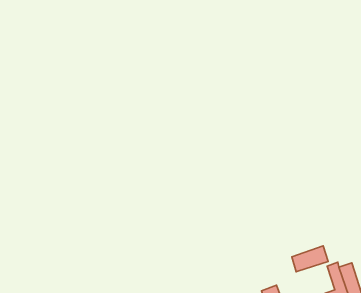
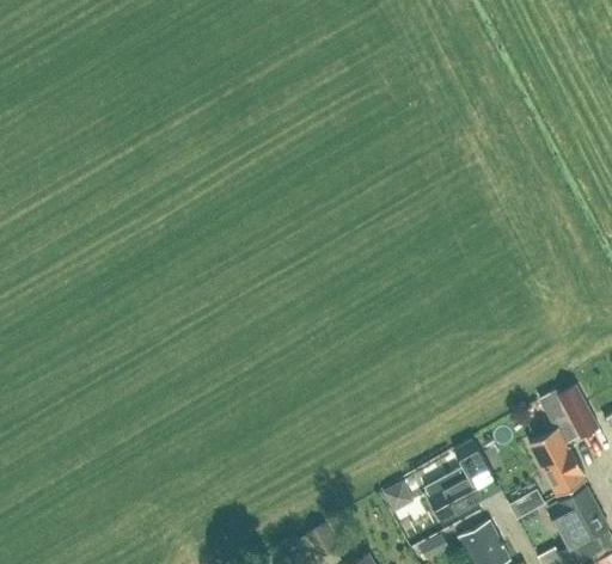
building: [292,246,328,272] -> none

